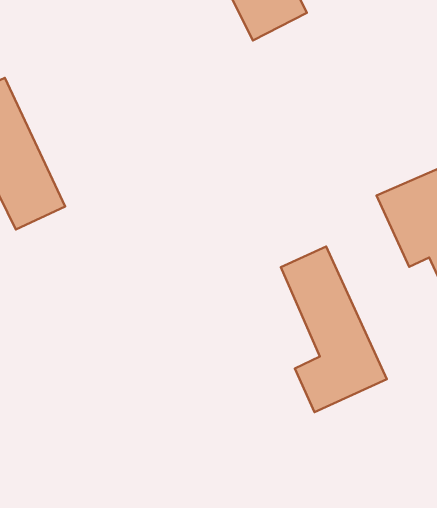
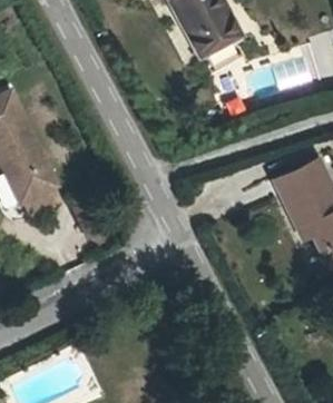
building: [281,246,387,412] -> none

